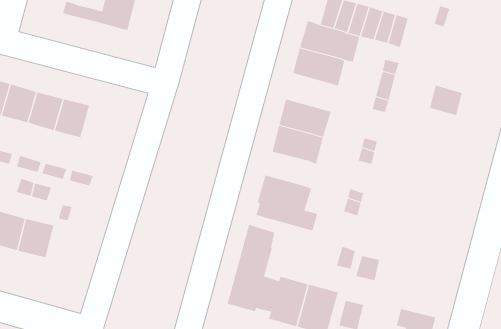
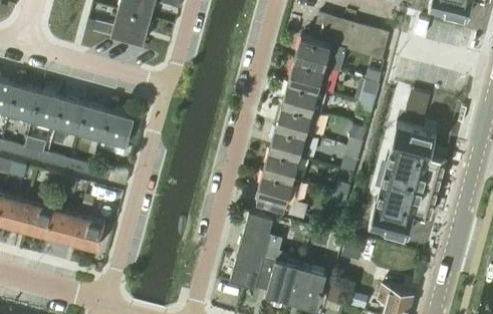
building: none -> [280,82,326,115]
building: none -> [101,110,134,145]
building: none -> [368,124,445,236]
building: none -> [262,150,301,181]
building: none -> [71,215,104,250]

